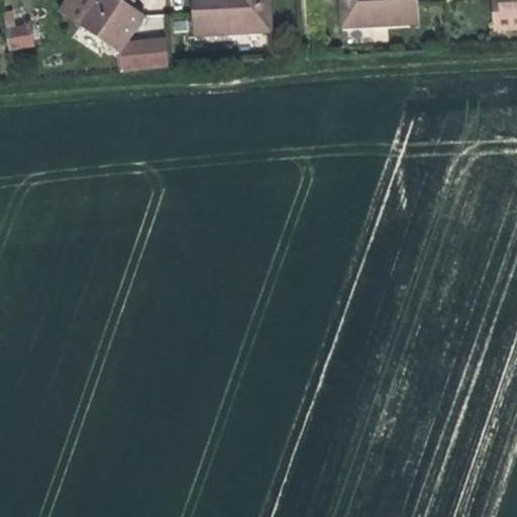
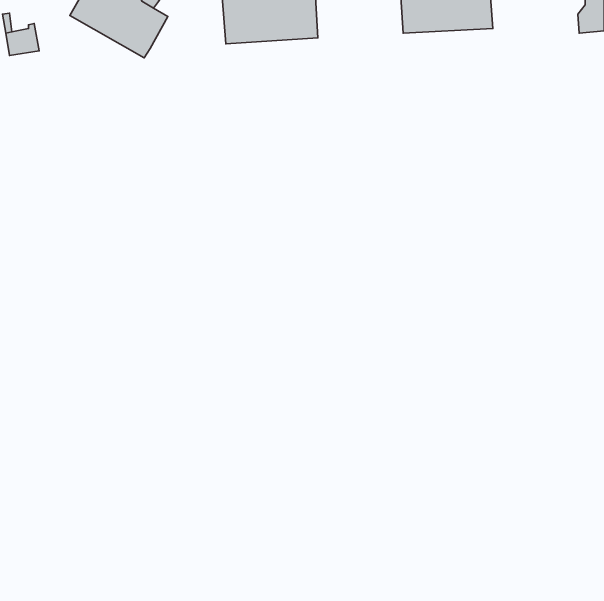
building: [121,38,166,66] -> none

